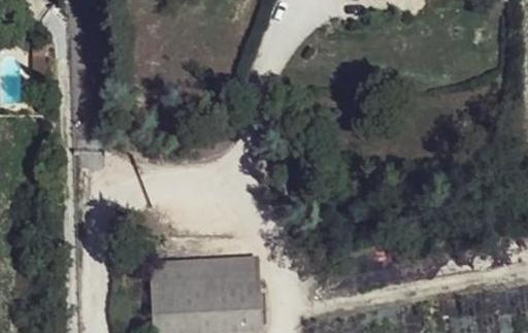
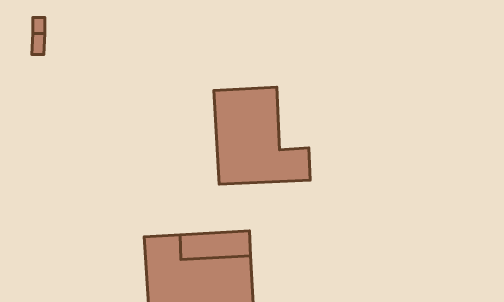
building: none -> [214,87,310,184]

